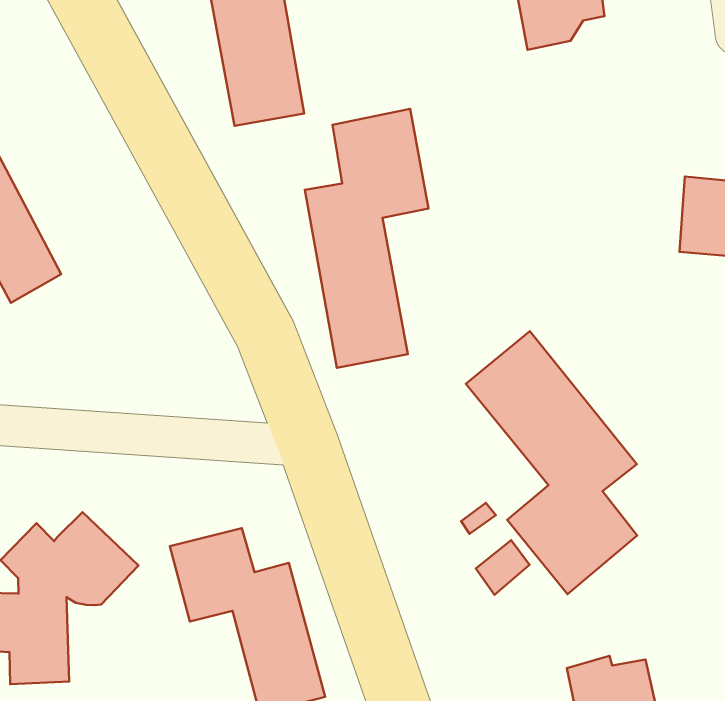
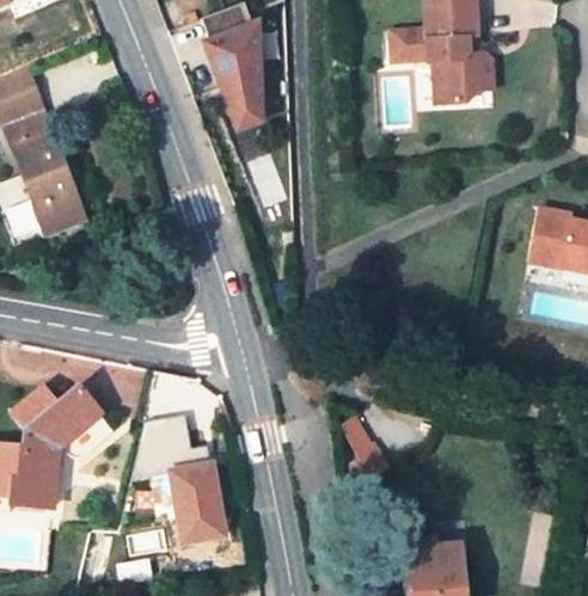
building: [305,109,428,368] -> none
building: [466,331,637,594] -> none

